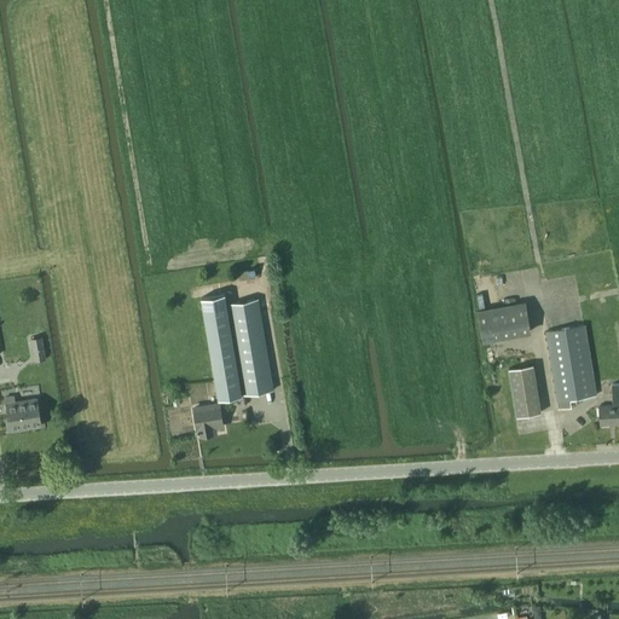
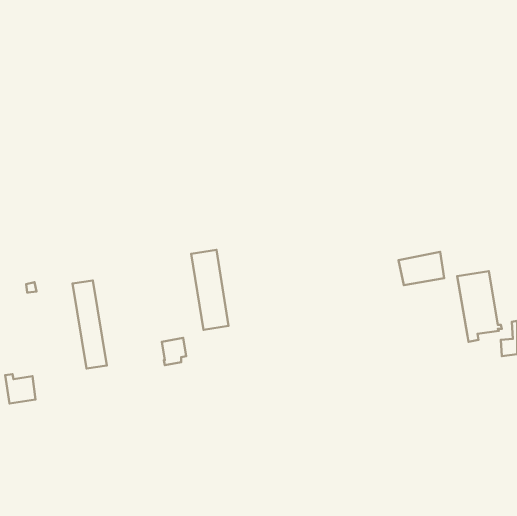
building: [201,295,242,400] -> [72,280,107,369]
building: [509,366,540,418] -> none
building: [5,397,41,432] -> [5,374,36,404]

